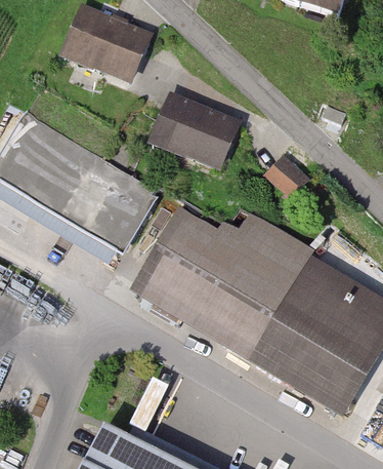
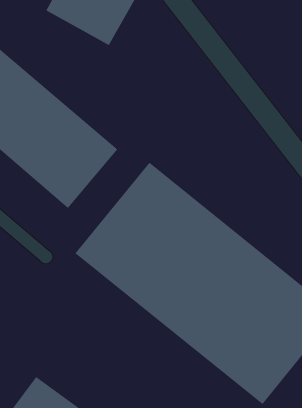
building: [147,91,241,170] -> none
building: [266,154,310,199] -> none

